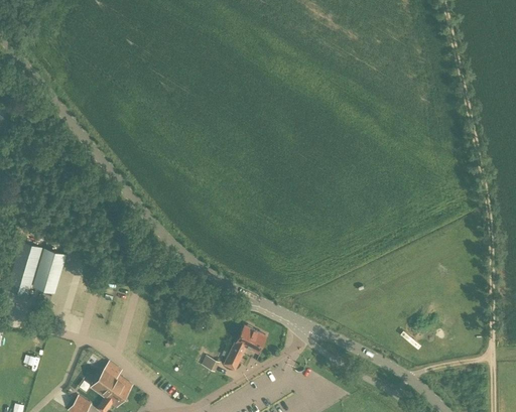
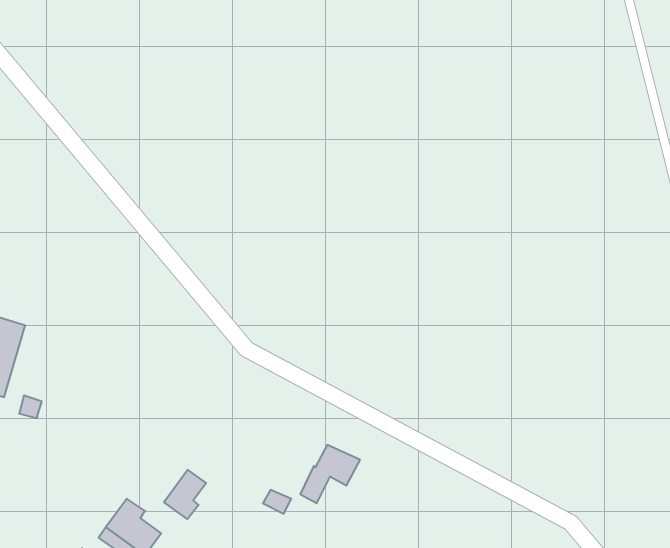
building: [33,248,67,292] -> none
building: none -> [164,470,206,519]

